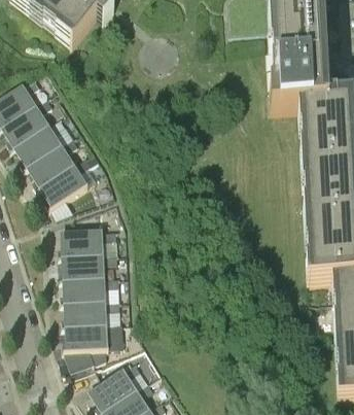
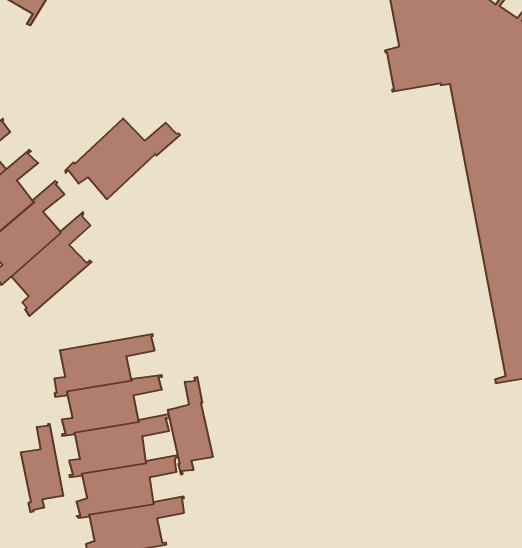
building: none -> [66,118,180,199]
building: none -> [168,377,213,475]
building: none -> [21,424,63,512]

